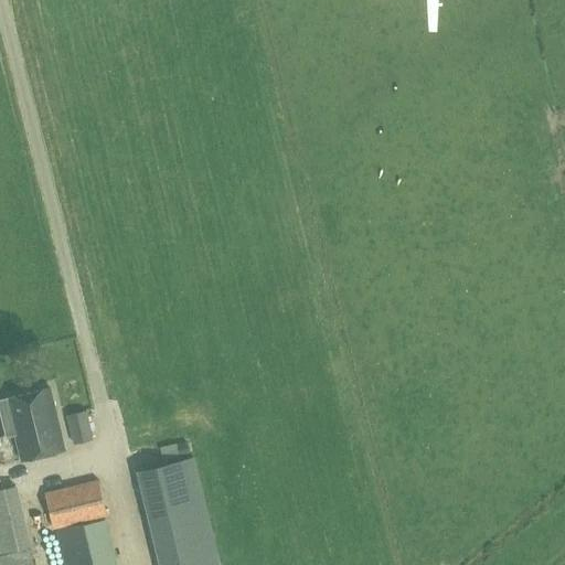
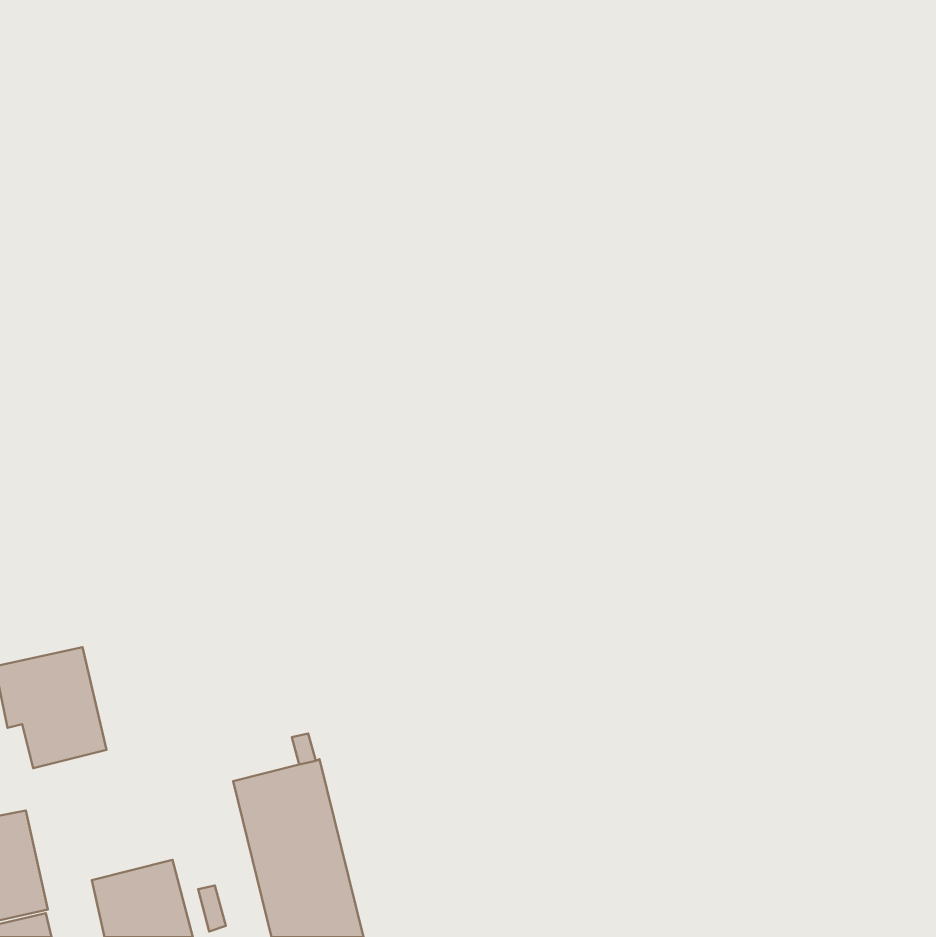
building: [65,412,93,445] -> none
building: [43,481,106,531] -> none

